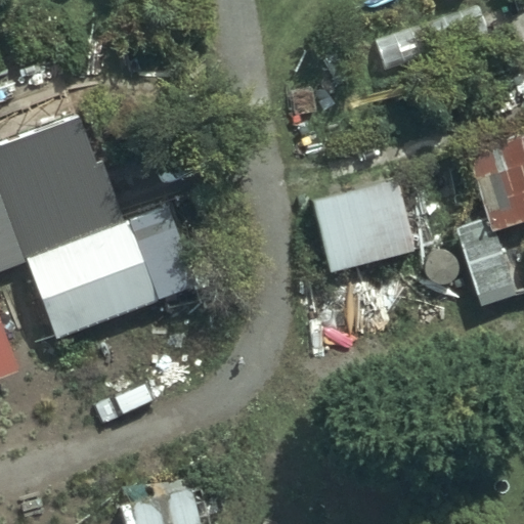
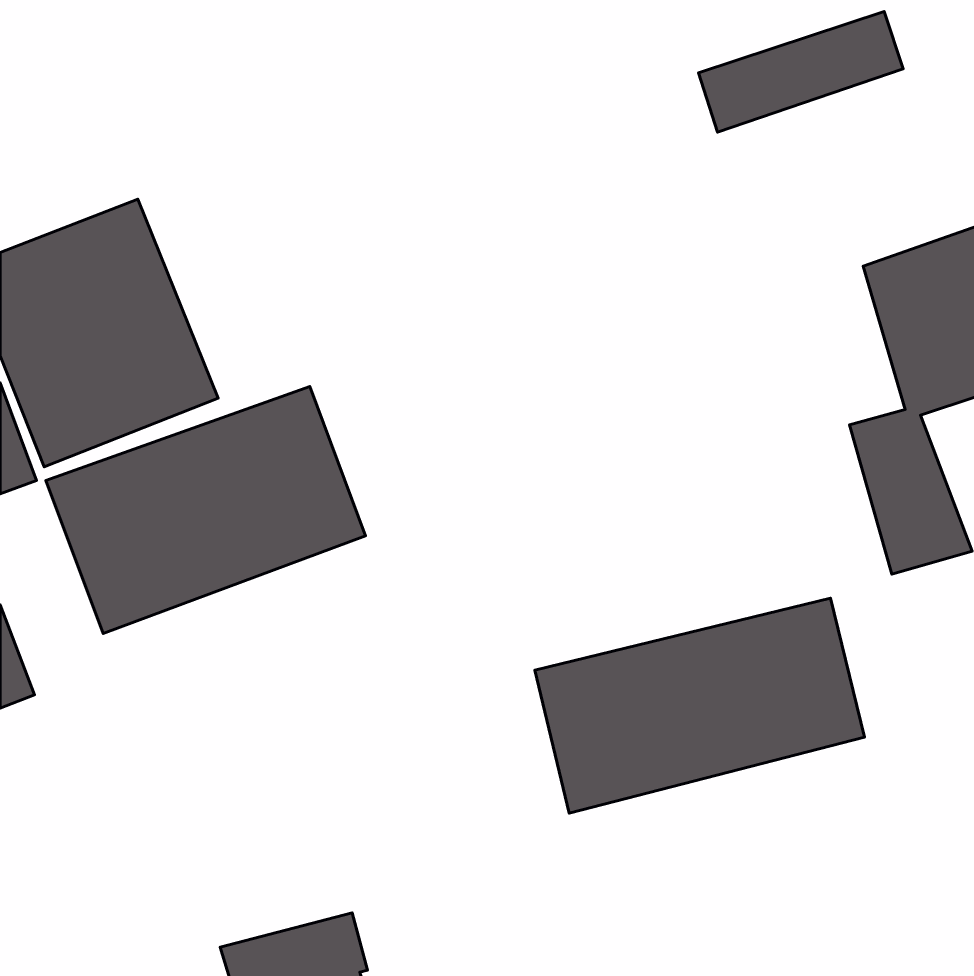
building: [313,181,416,272] -> none
building: none -> [535,598,864,813]

